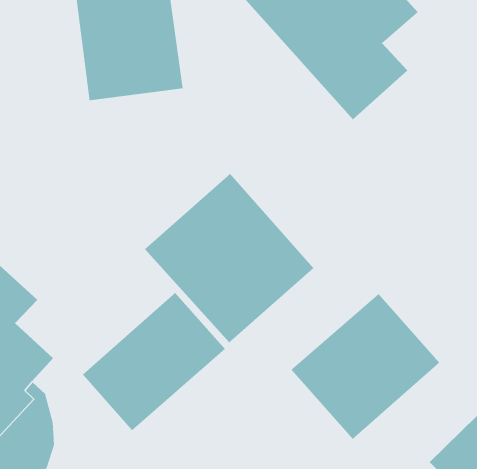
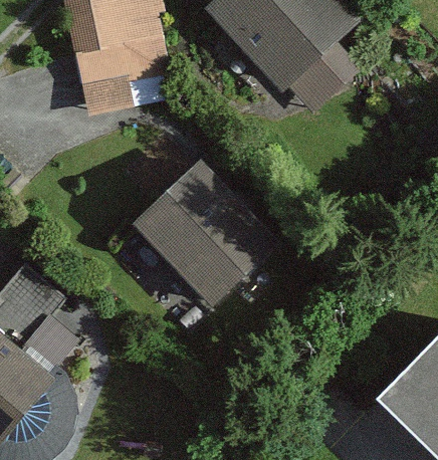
building: [82,292,226,431] -> none
building: [290,293,440,440] -> none

